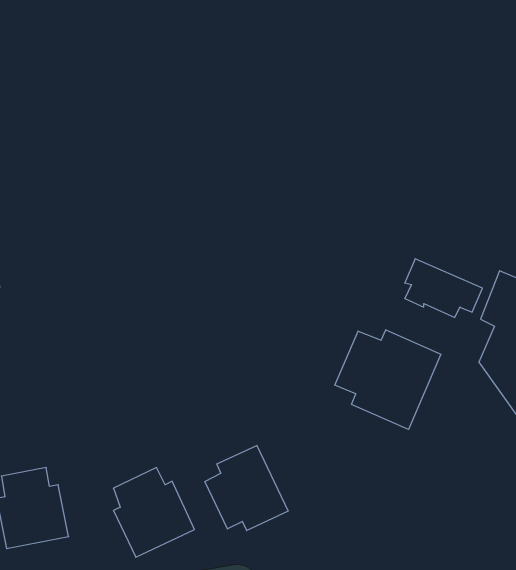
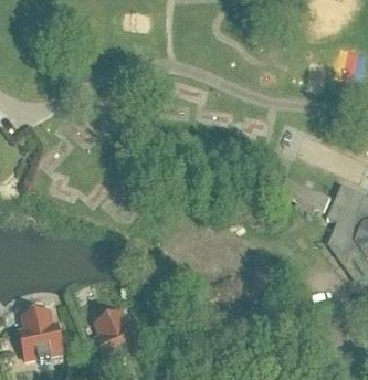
building: [335,330,441,429] -> none
building: [205,445,288,531] -> none

